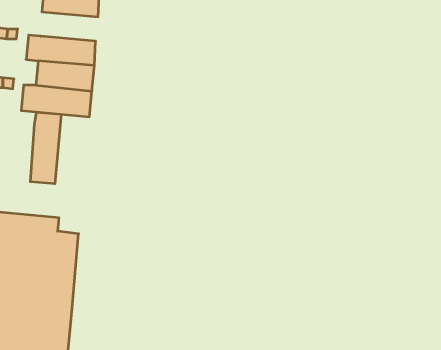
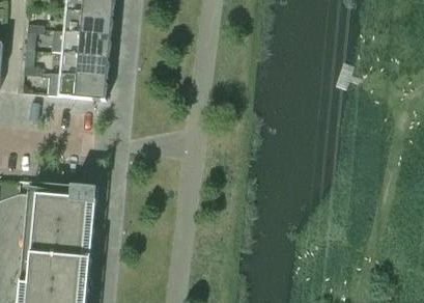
building: none -> [62,10,111,35]
building: [30,112,61,184] -> none

